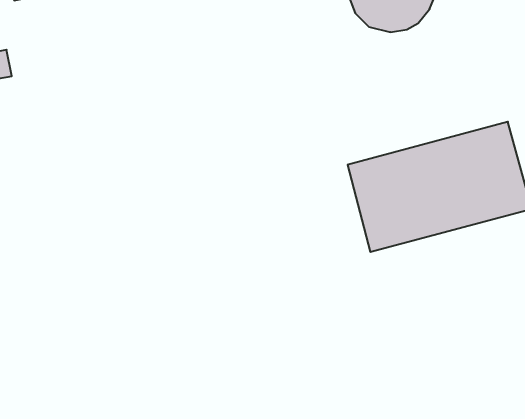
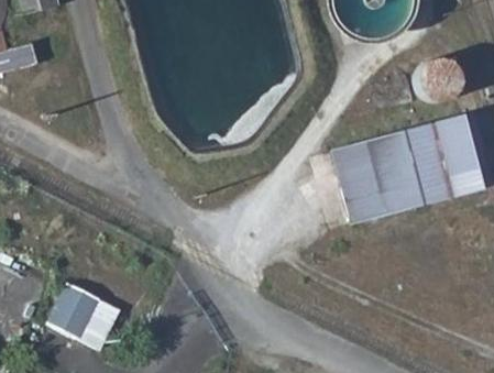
building: none -> [417,54,462,100]
building: none -> [50,283,121,348]

